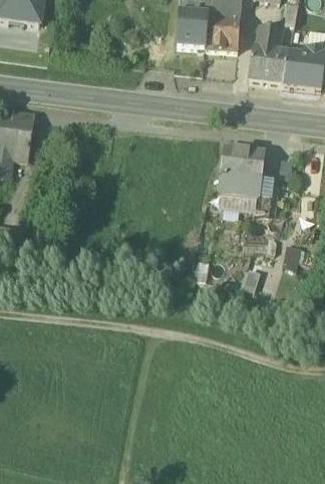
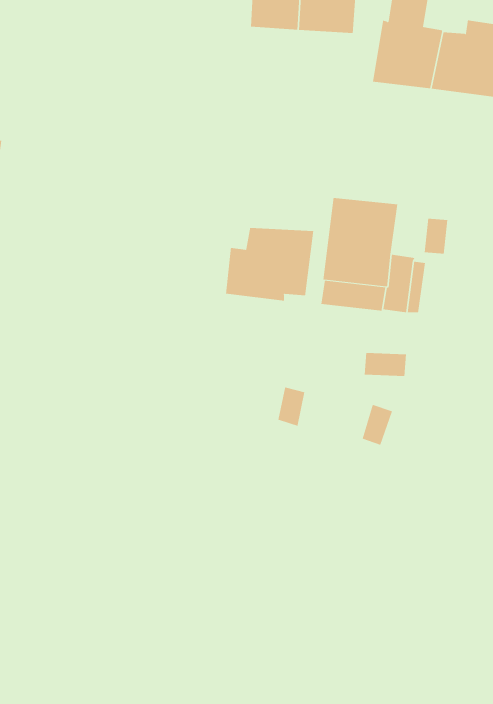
building: none -> [226,227,314,302]

